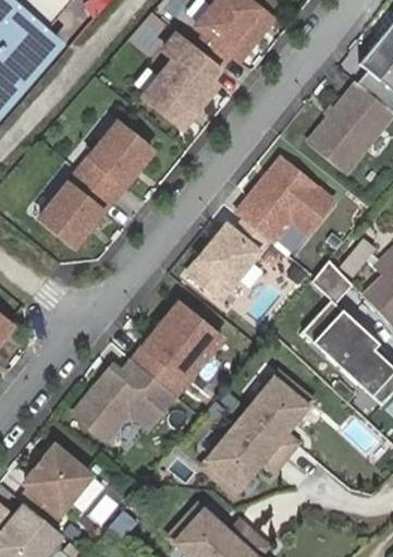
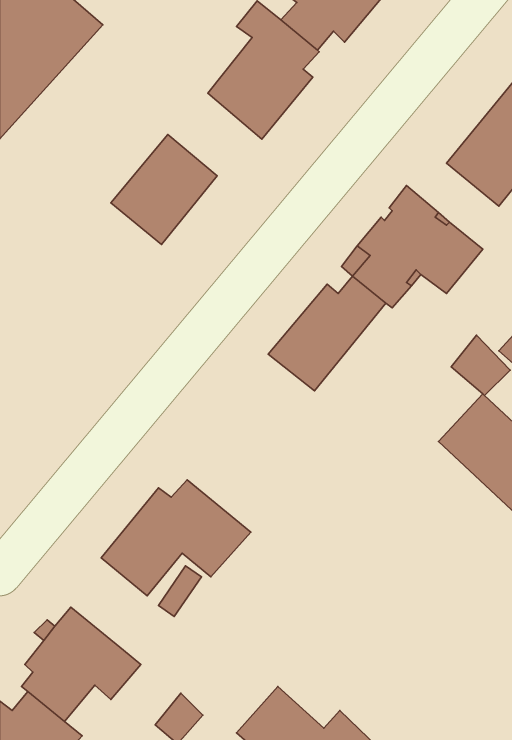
building: [39,169,113,244] -> none
building: [131,302,220,395] -> none
building: [201,371,312,492] -> none

